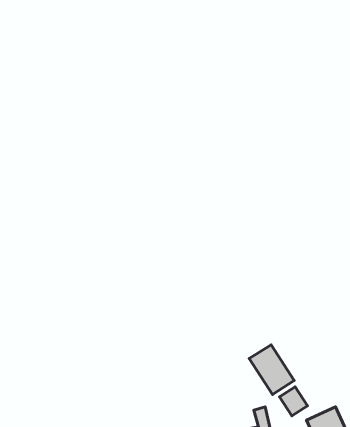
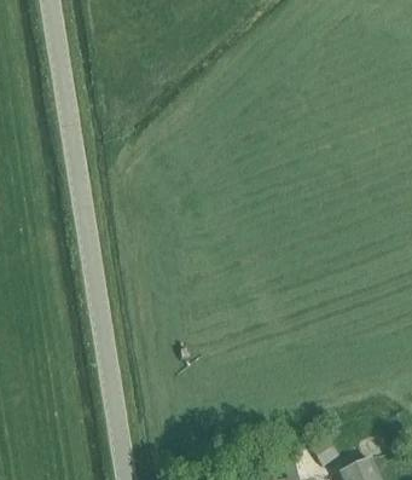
building: [249,345,294,394] -> none

